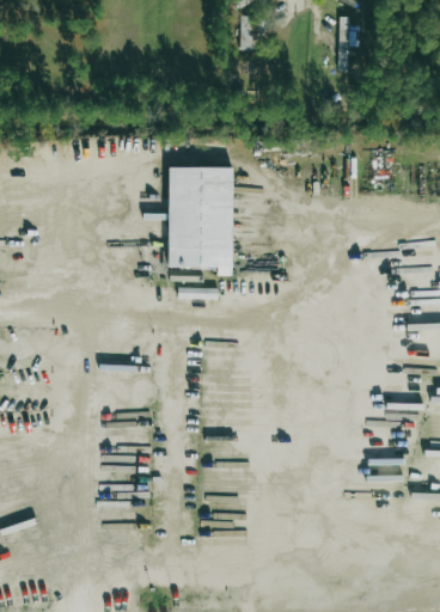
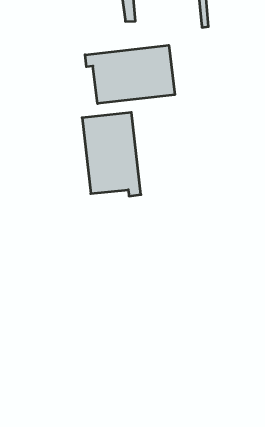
building: none -> [85,45,175,104]

